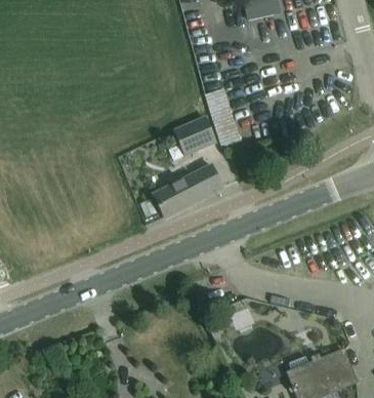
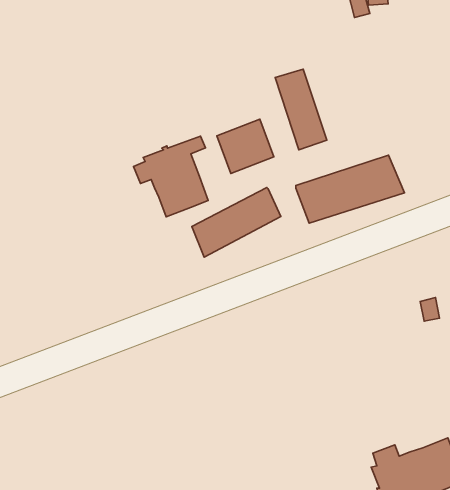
building: none -> [134,136,208,217]
building: none -> [296,155,405,223]

